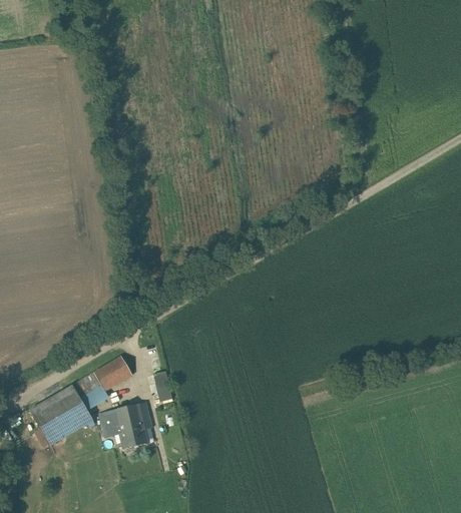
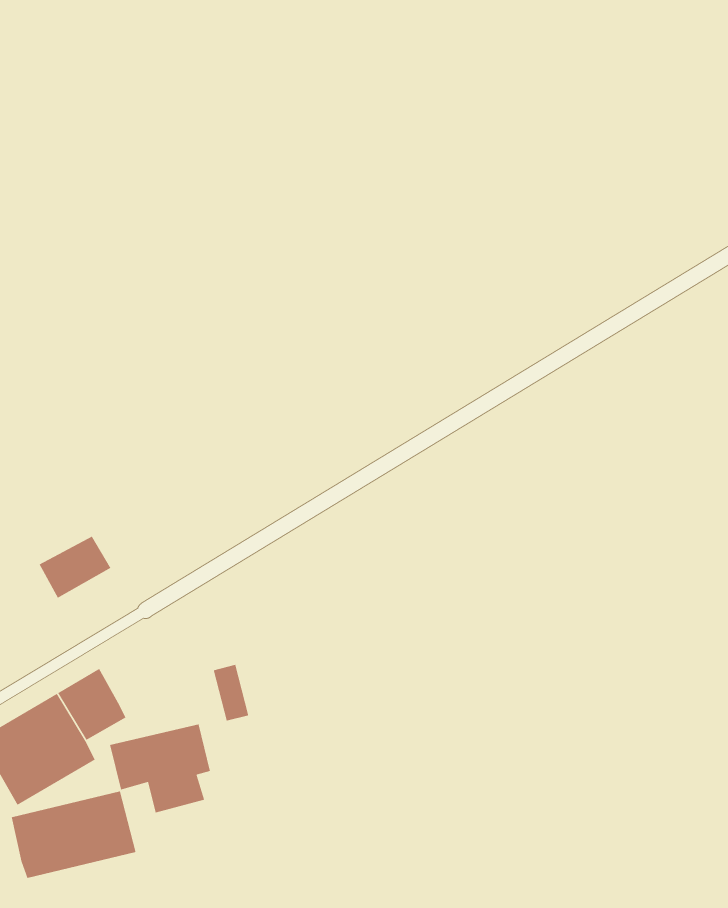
building: [93,358,131,391] -> [38,536,111,599]
building: none -> [11,791,137,879]

